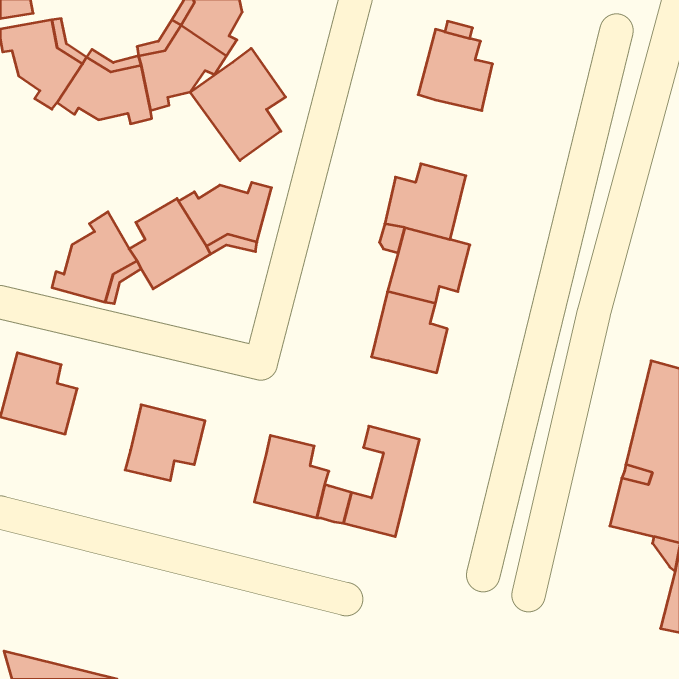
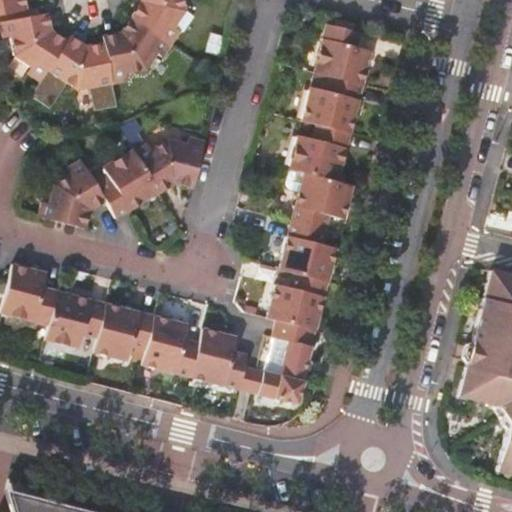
building: [190,48,286,161] -> none
building: none -> [302,75,364,132]
building: none -> [268,271,329,330]
building: none -> [47,292,107,349]
building: none -> [143,316,201,377]

